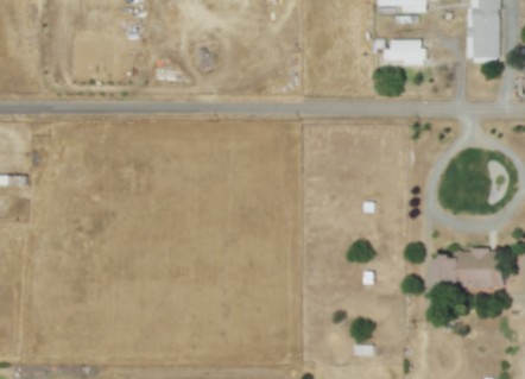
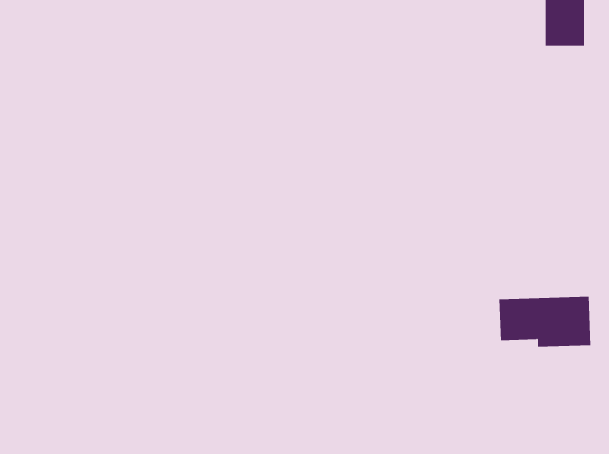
building: [385,40,424,65] -> none

